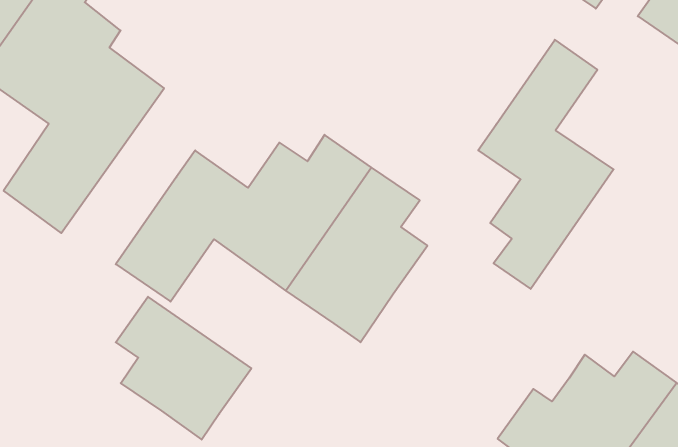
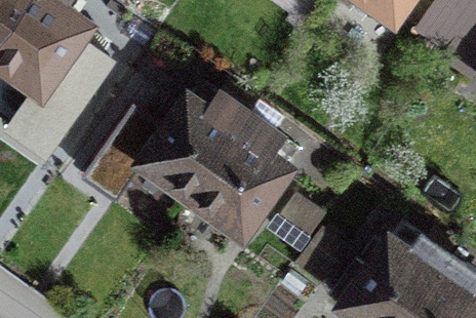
building: [478,40,614,289] -> none
building: [116,297,251,440] -> none

